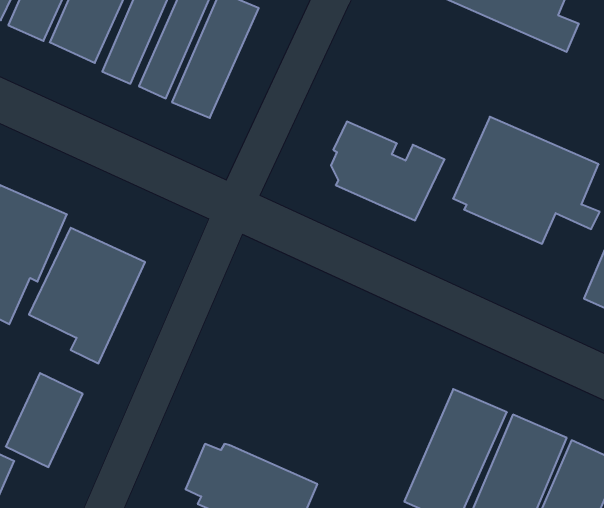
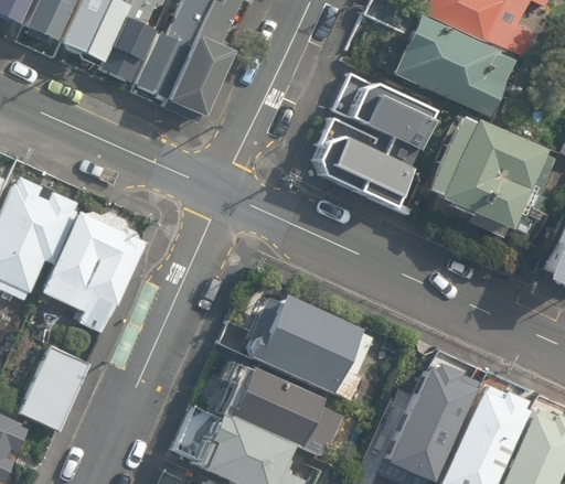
building: none -> [391,14,512,112]
building: none -> [334,76,435,148]
building: none -> [244,297,372,396]
building: none -> [223,364,343,454]

